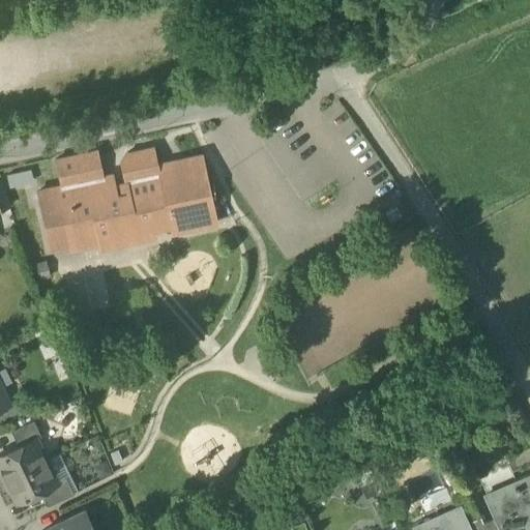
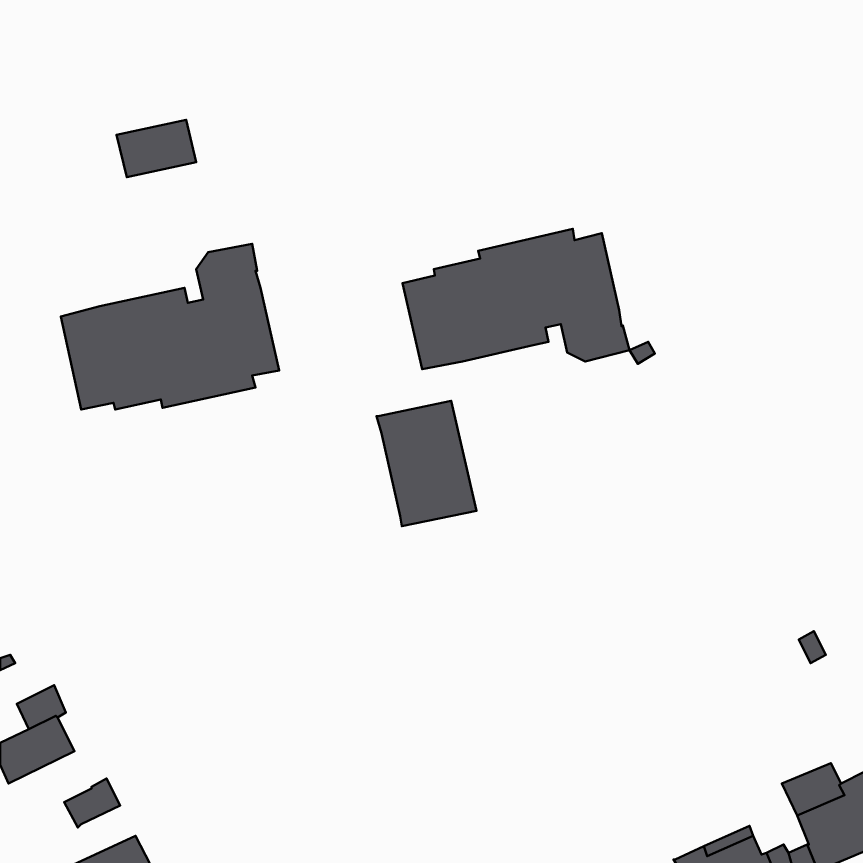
building: none -> [402,229,629,369]
building: [56,153,105,188] -> [117,120,196,177]
building: [157,157,218,234] -> [377,401,476,526]
building: [6,461,57,503] -> none

